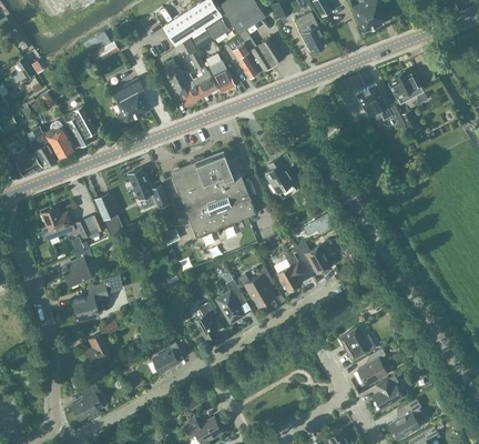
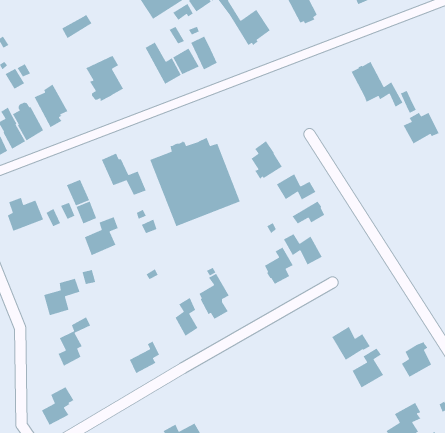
building: [231,42,258,79] -> none
building: [388,72,422,102] -> [402,112,440,144]
building: none -> [276,173,317,201]
building: [61,249,93,285] -> [84,216,119,256]
building: [237,266,274,307] -> none
building: [373,375,401,410] -> [401,341,432,378]

